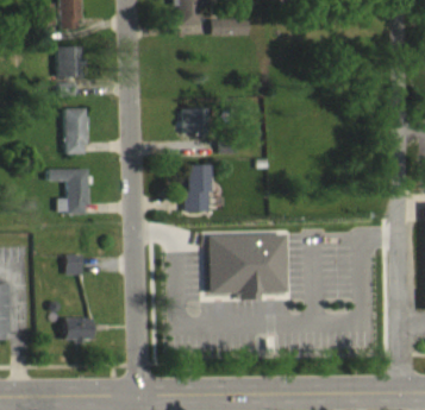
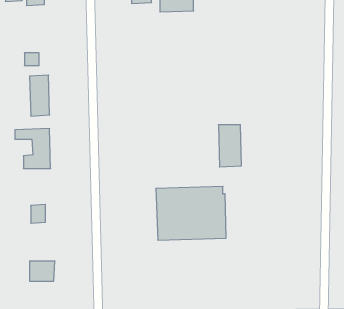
building: [56,45,83,76] -> none
building: [185,107,208,134] -> none
building: [183,164,210,212] -> [218,125,241,167]

